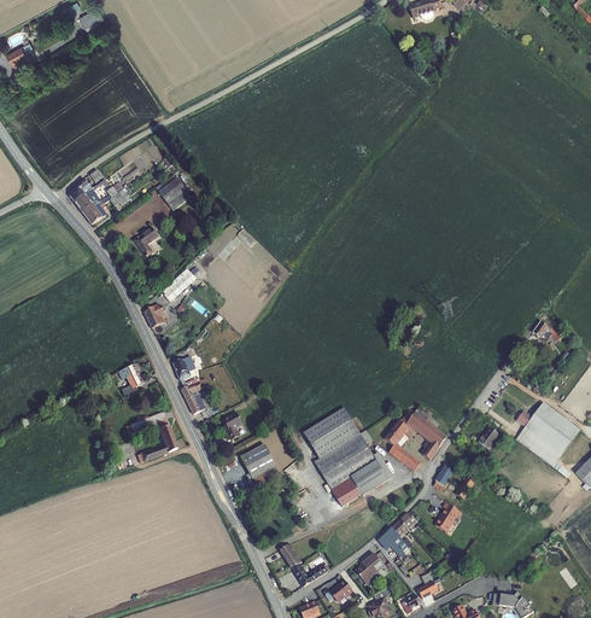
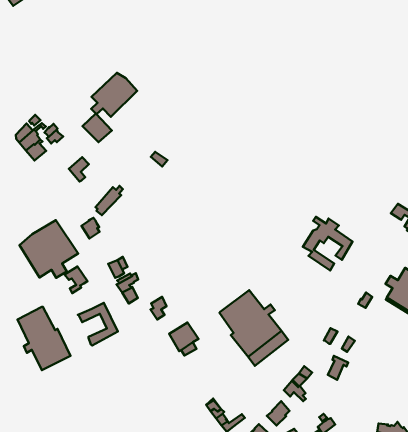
building: none -> [91,73,137,117]
building: none -> [20,220,78,278]
building: [384,402,446,471] -> [303,217,353,270]
building: none -> [17,307,71,370]

